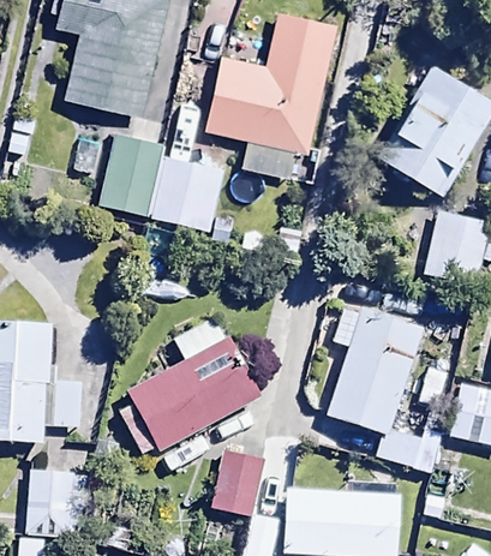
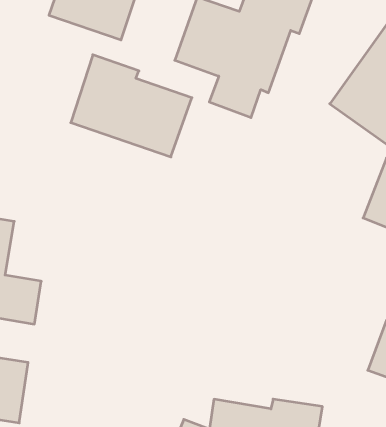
building: [324,307,448,477] -> none
building: [120,317,261,455] -> none
building: [211,449,264,518] -> none

